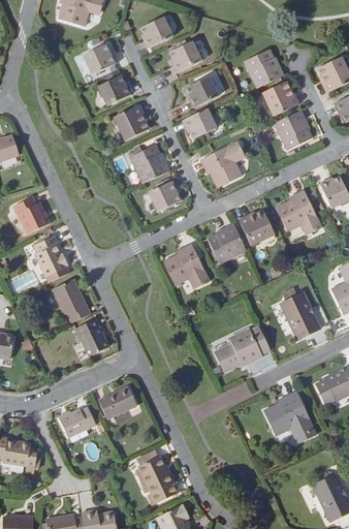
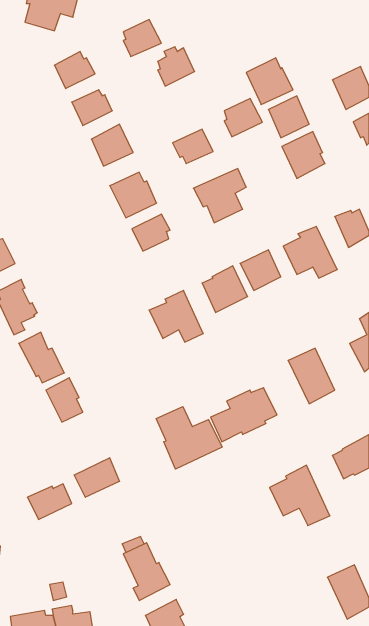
building: [186,75,218,107] -> [224,99,262,137]
building: none -> [156,407,222,469]

